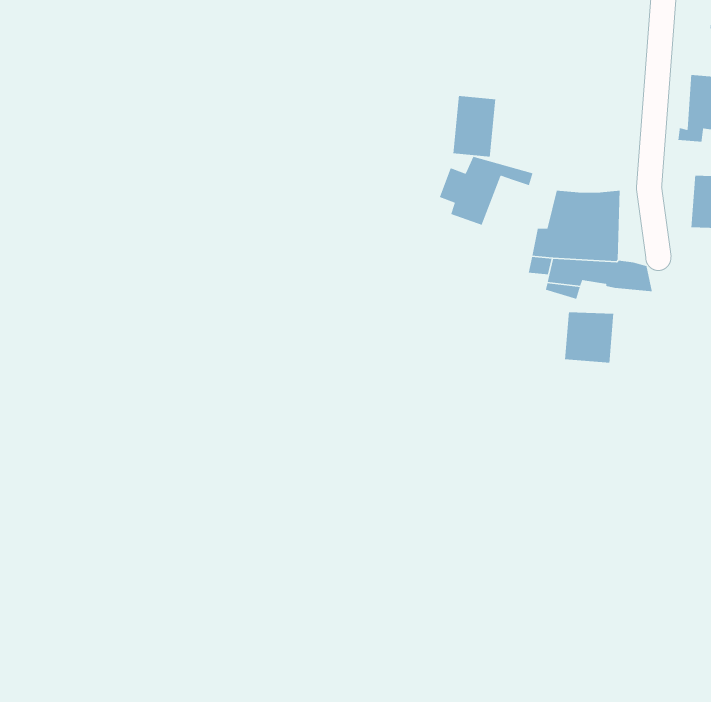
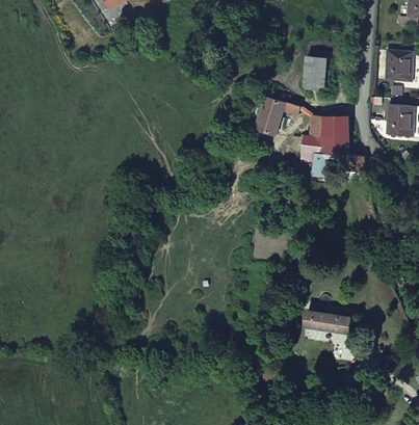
building: [453,95,496,158] -> [304,55,328,89]
building: [564,311,614,364] -> none
building: none -> [304,310,350,330]

